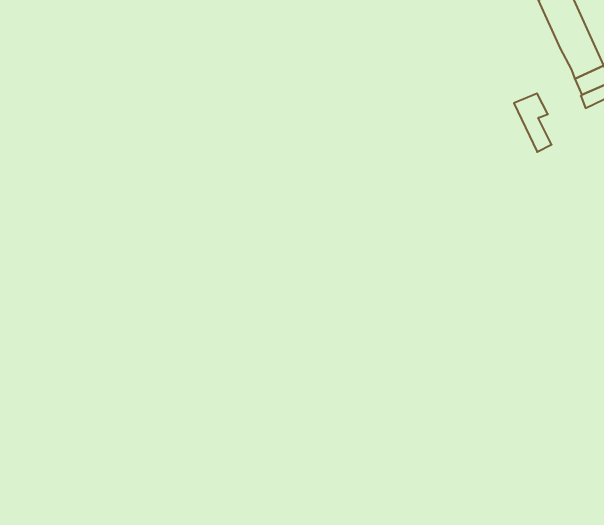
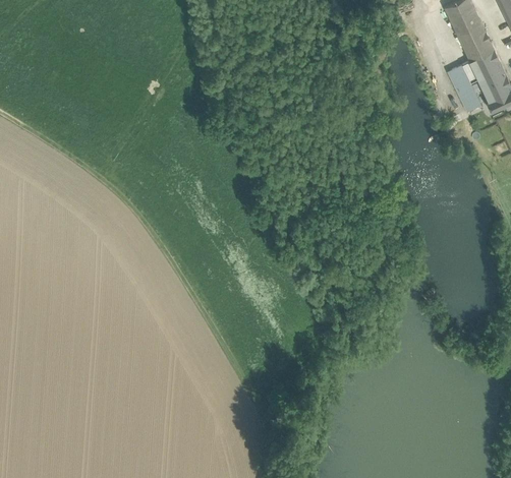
building: [514,93,552,152] -> [450,61,481,110]

